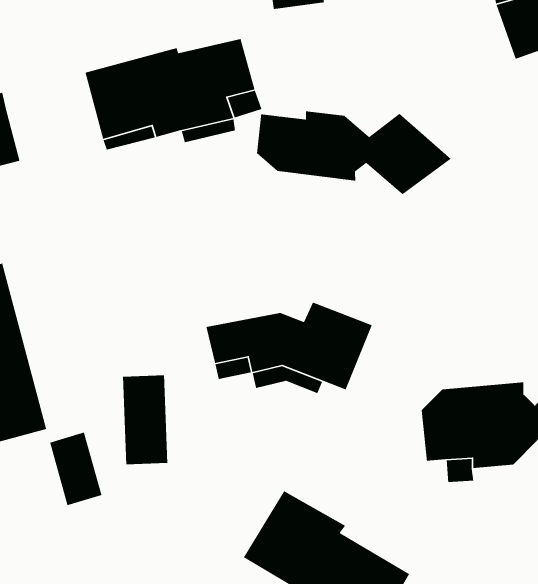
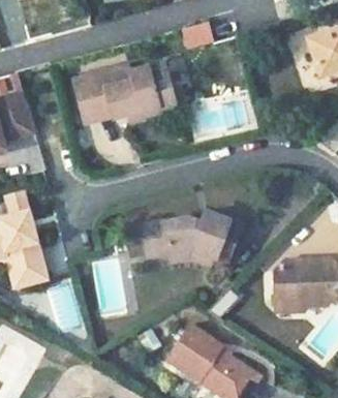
building: [256,110,452,195] -> none

